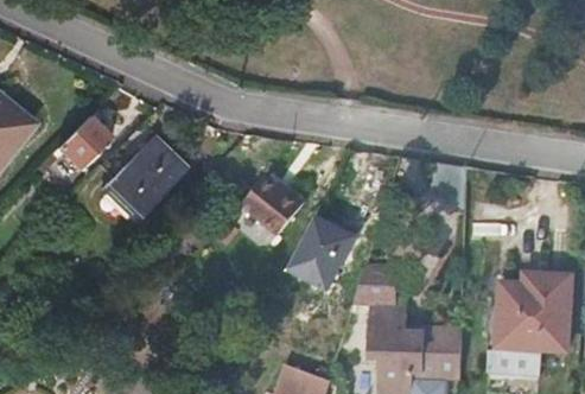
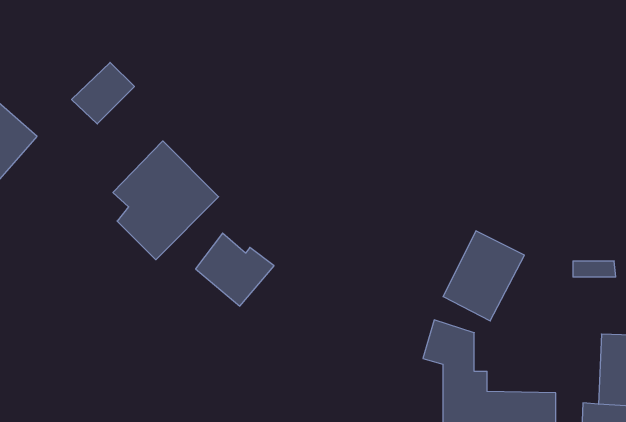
building: [57,117,109,169] -> [72,62,134,124]
building: [239,177,304,237] -> [196,233,274,306]
building: [286,217,354,292] -> [443,231,524,321]

